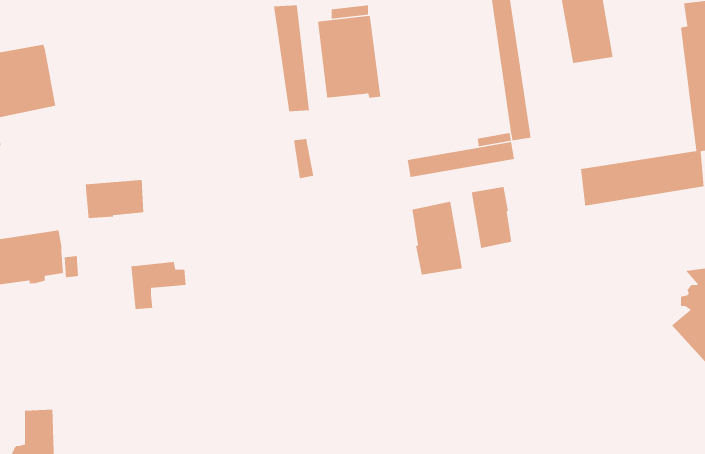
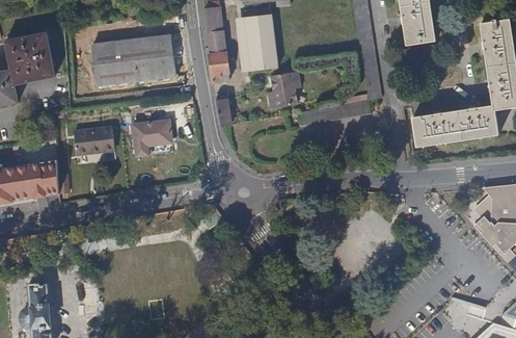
building: none -> [92,36,176,86]
building: none -> [267,71,298,108]
building: [471,186,512,249] -> none
building: [412,201,463,276] -> none
building: [130,261,187,310] -> [134,123,172,156]

